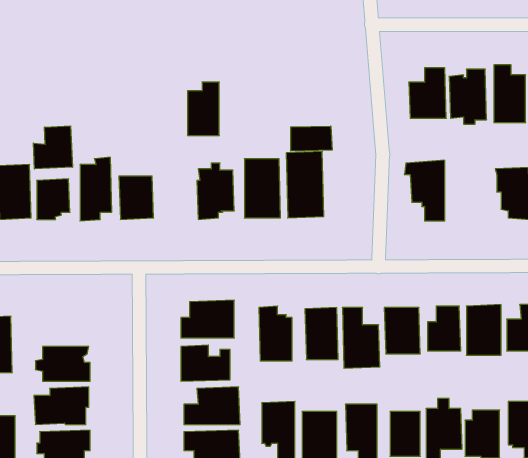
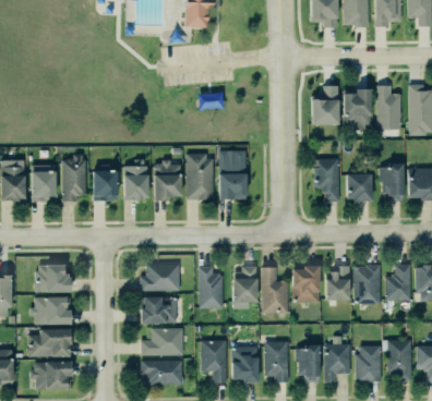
building: [188,82,219,136] -> [124,160,148,200]
building: [33,126,72,169] -> none
building: [291,126,332,151] -> none
building: none -> [345,172,372,202]
building: none -> [36,265,72,293]

